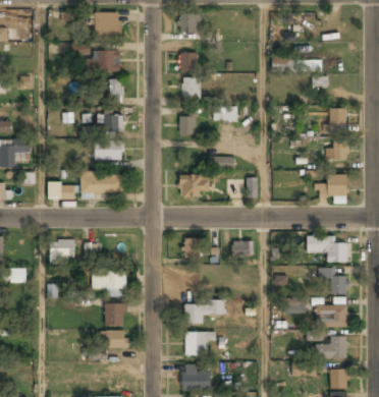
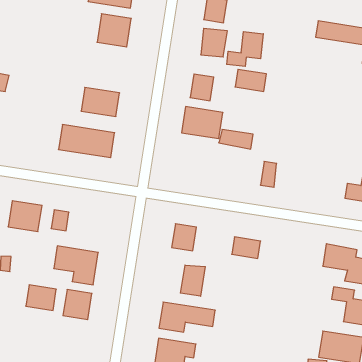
building: none -> [227,32,263,66]
building: [97,115,122,132] -> none
building: [178,175,209,196] -> [182,107,223,139]
building: [49,184,74,198] -> none
building: none -> [180,265,205,296]
building: [106,331,128,348] -> [26,285,56,310]

